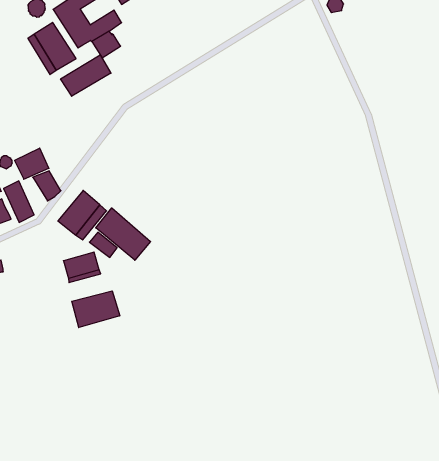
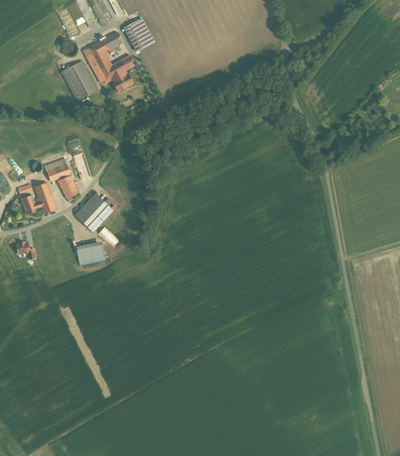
building: [61,55,111,96] -> none
building: [96,208,151,260] -> none
building: [72,291,120,328] -> none

